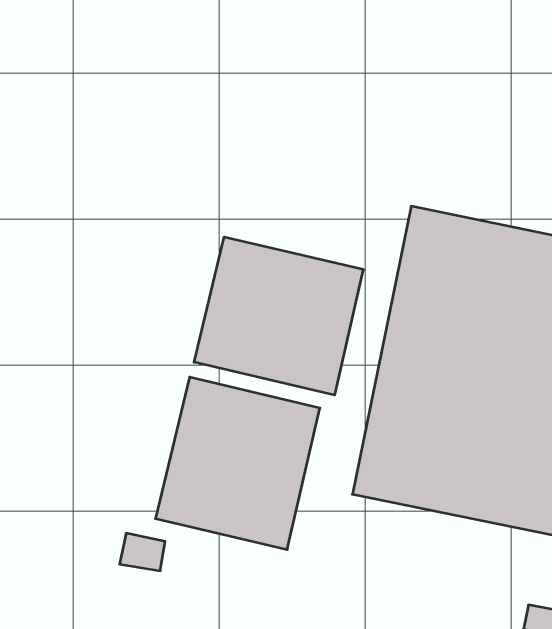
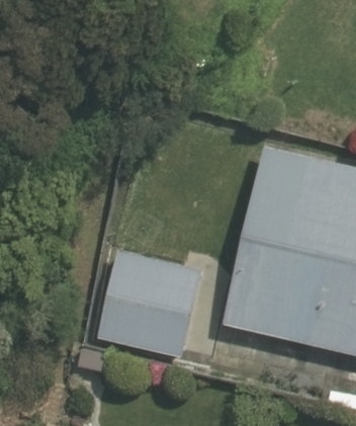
building: [194,237,363,395] -> none

